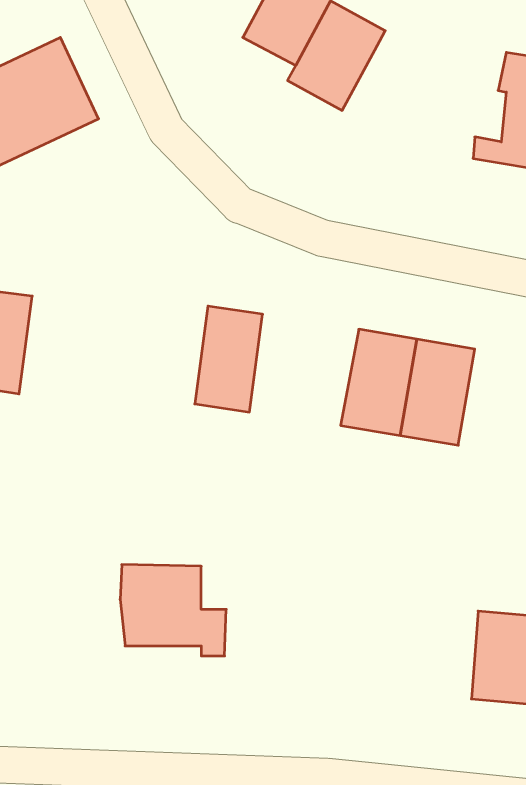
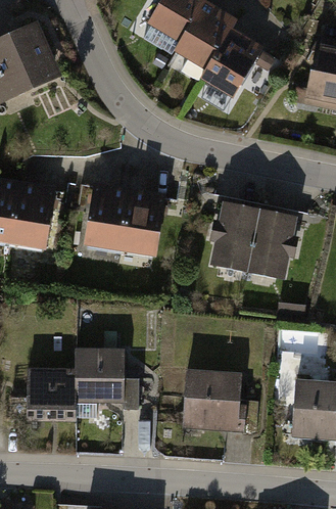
building: none -> [205,30,263,97]
building: none -> [12,184,54,248]
building: none -> [87,186,129,250]
building: none -> [28,371,78,420]
building: none -> [183,371,242,427]

